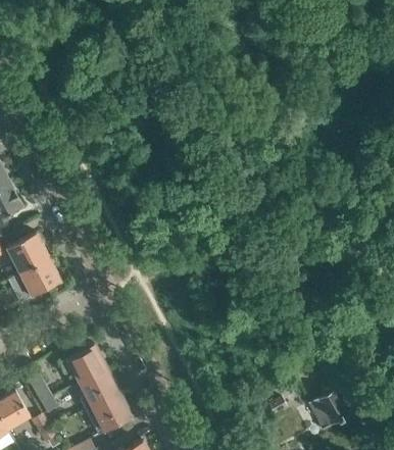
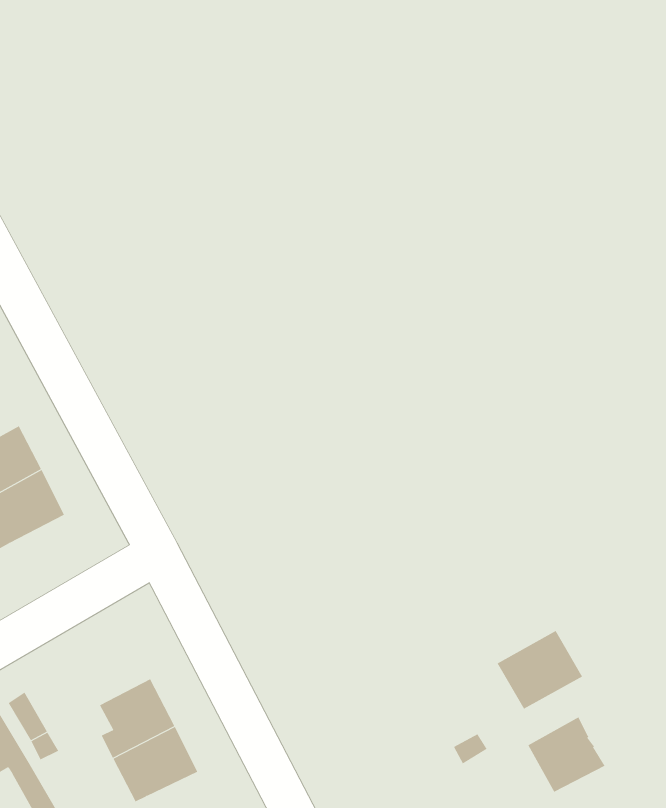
building: none -> [497,630,583,710]
building: [59,344,106,383] -> none

